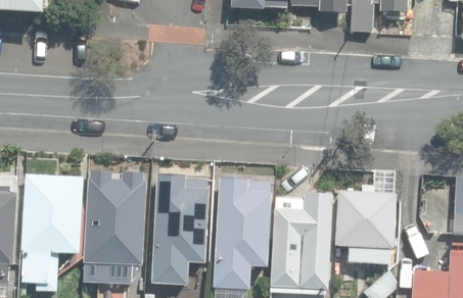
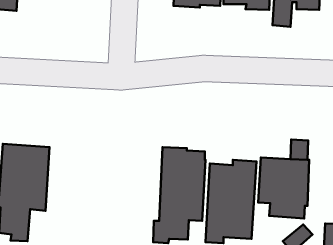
building: [83,170,145,284] -> none
building: [152,175,209,284] -> none

